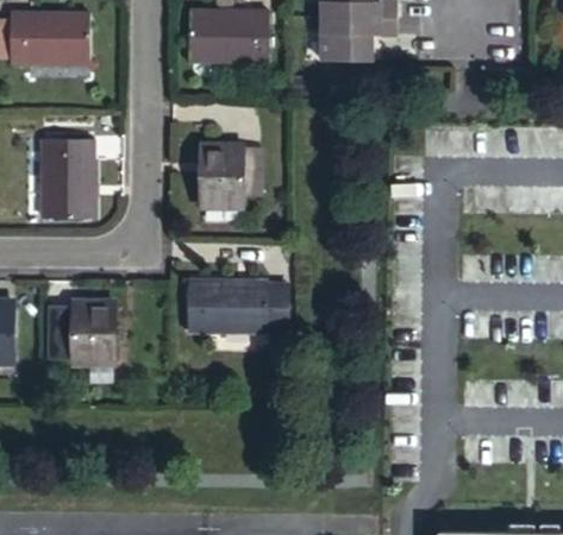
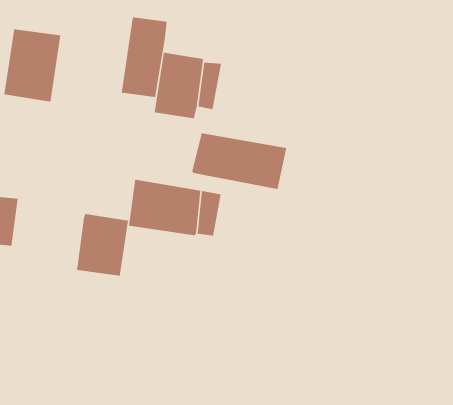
building: none -> [121,16,167,98]
building: none -> [192,133,287,190]
building: [71,309,119,369] -> [76,214,129,276]

